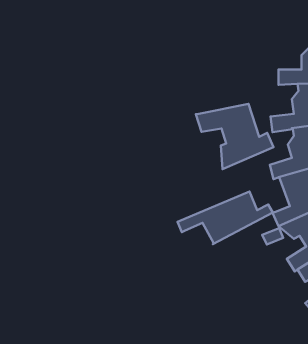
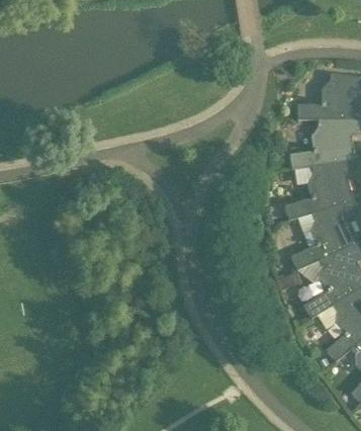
building: [196,104,274,169] -> none
building: [178,191,273,244] -> none

